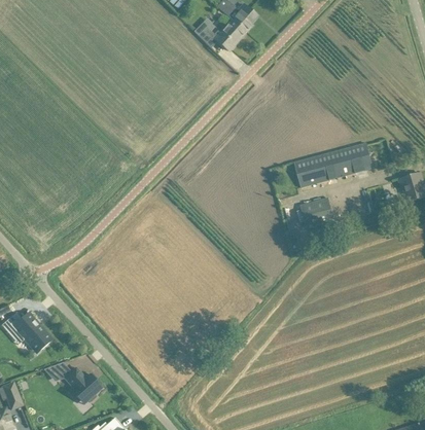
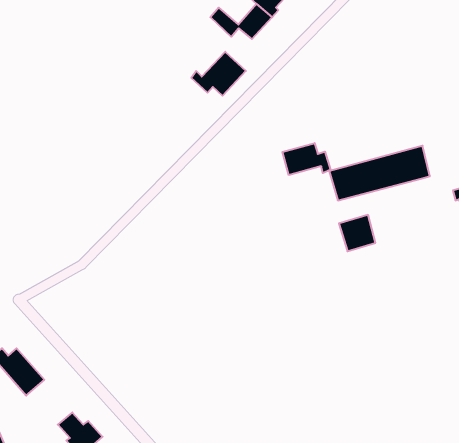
building: none -> [191,52,246,96]
building: none -> [282,143,330,175]

